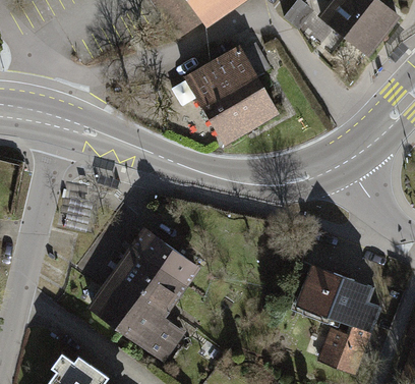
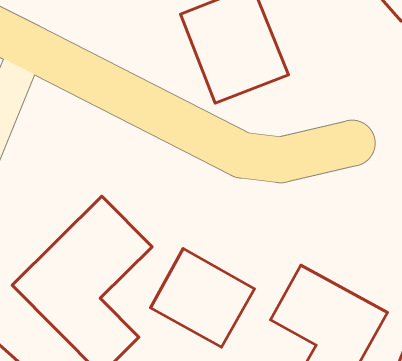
building: none -> [150,248,254,347]

